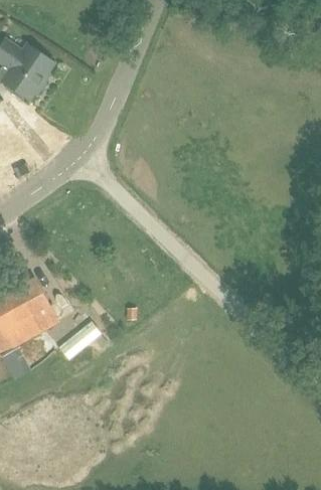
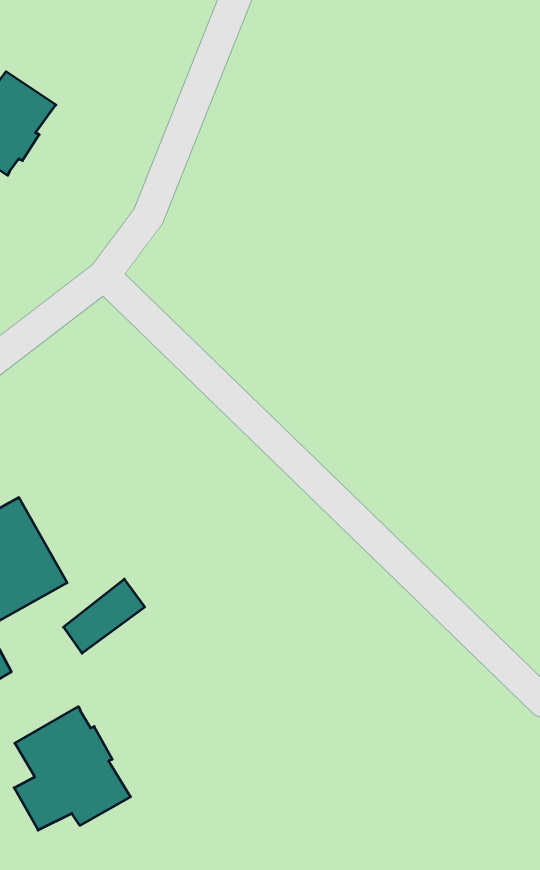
building: none -> [14,707,131,830]

